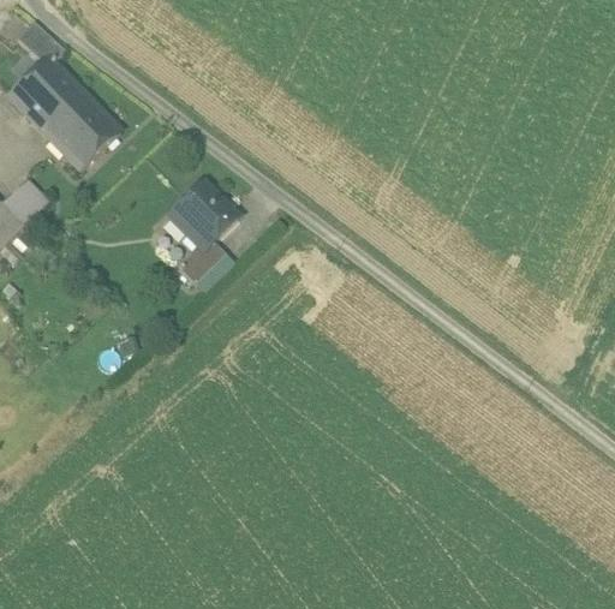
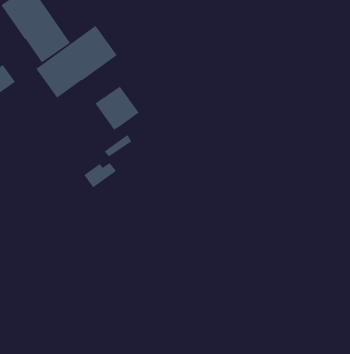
building: none -> [36,25,118,98]
building: [177,240,225,282] -> [84,162,117,188]

